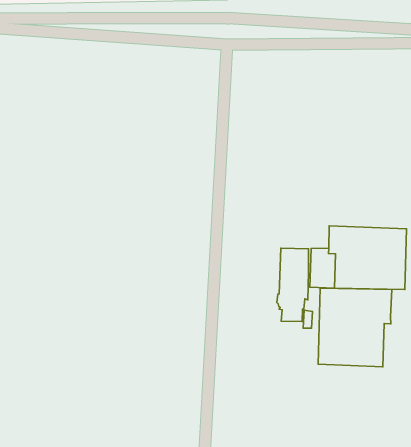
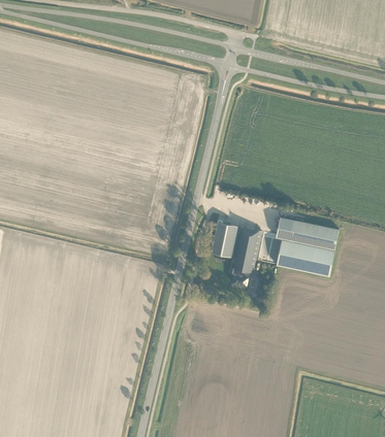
building: none -> [212,223,238,258]
building: [318,288,392,367] -> none

